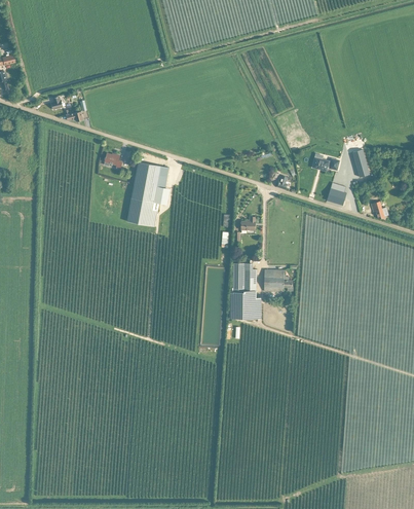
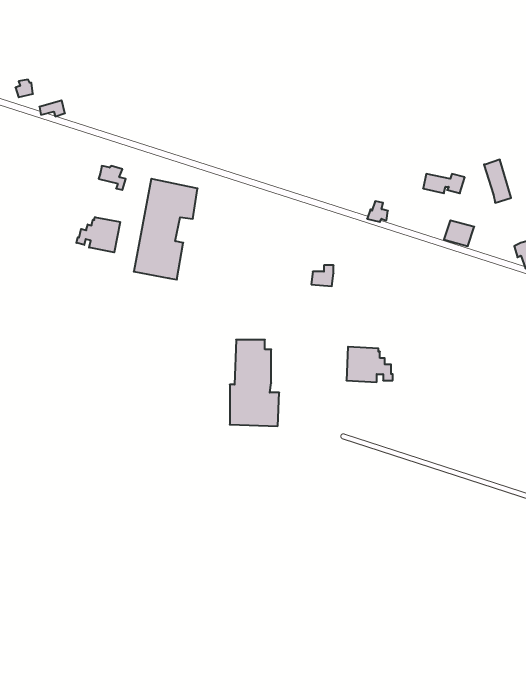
building: none -> [76,217,120,252]
building: [229,263,261,319] -> [230,340,279,426]

